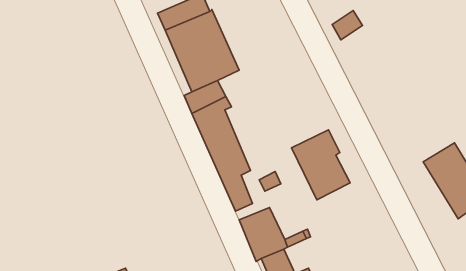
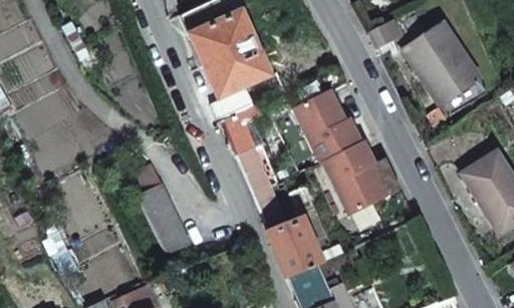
building: none -> [405,23,479,100]
building: none -> [292,85,362,160]
building: none -> [130,164,192,254]

